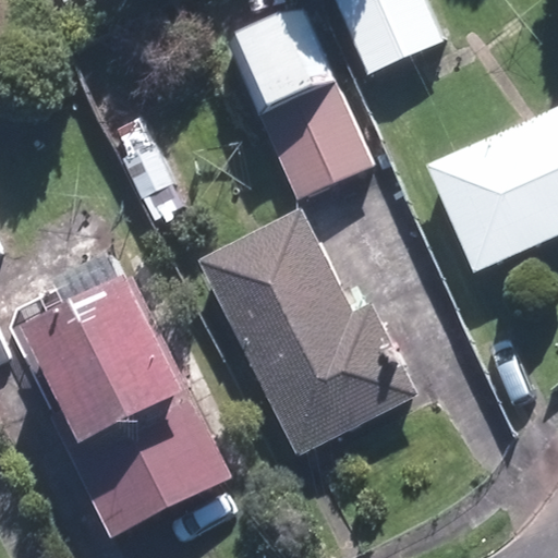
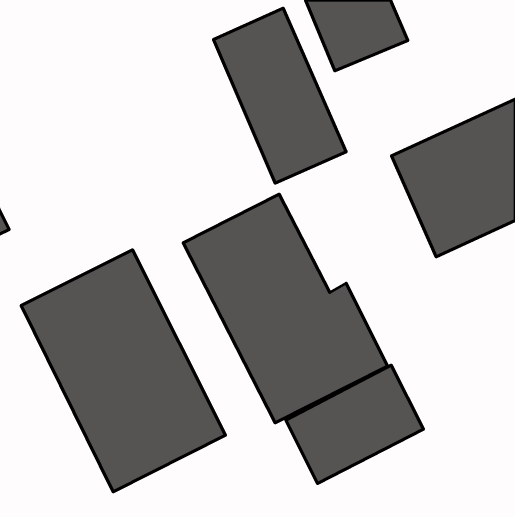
building: none -> [286,365,424,483]

